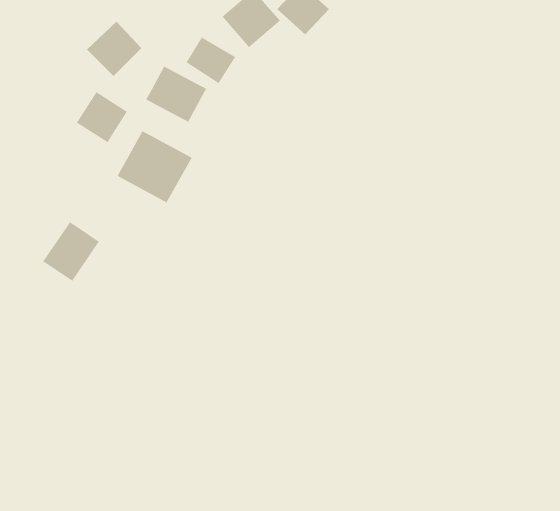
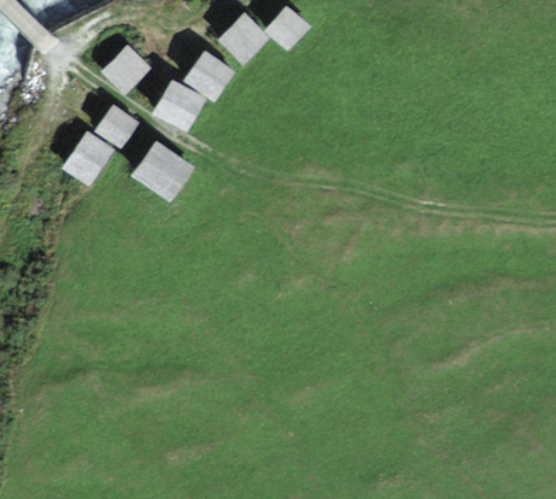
building: [42,221,100,282] -> [62,135,110,186]

